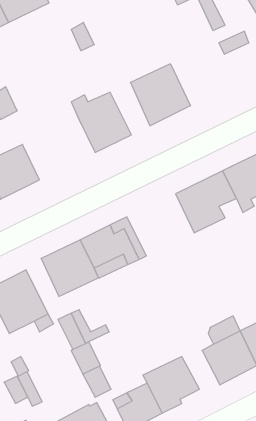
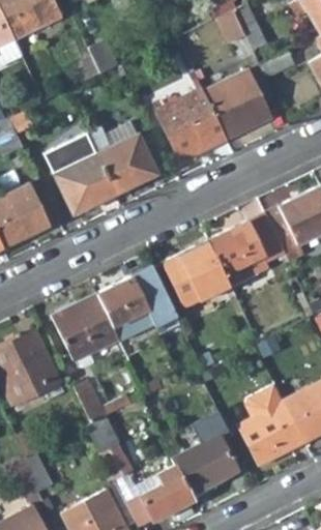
building: none -> [204,69,271,138]
building: none -> [43,132,115,212]
building: none -> [162,241,231,308]

